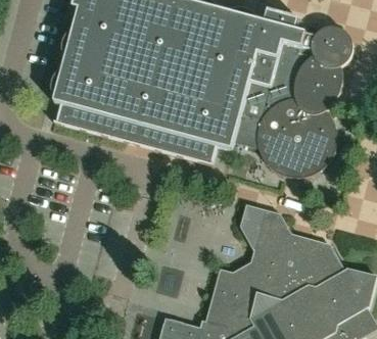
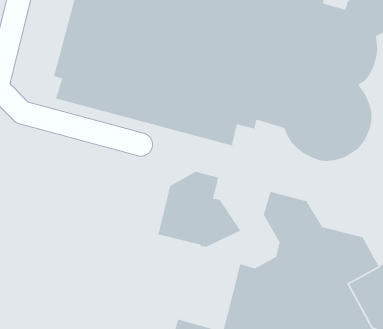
building: none -> [158,171,242,248]

